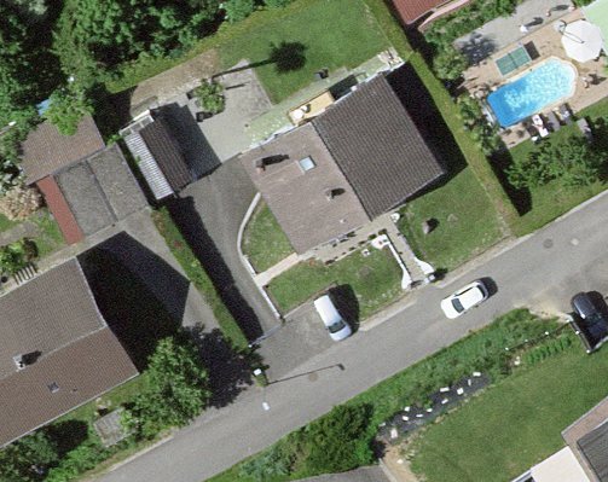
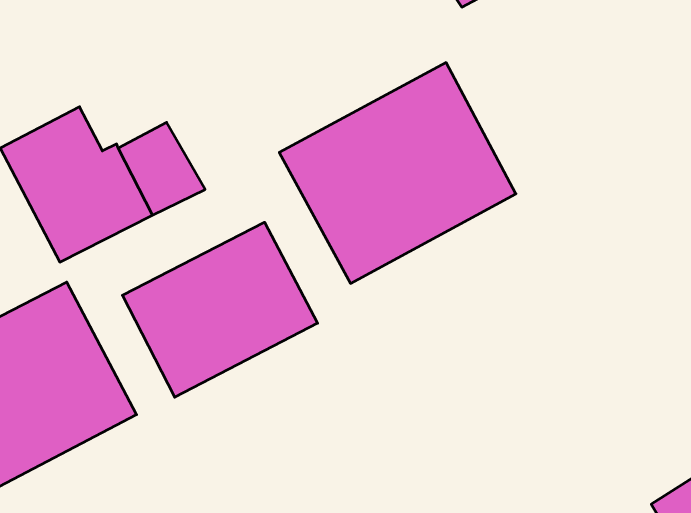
building: none -> [122,222,318,397]

